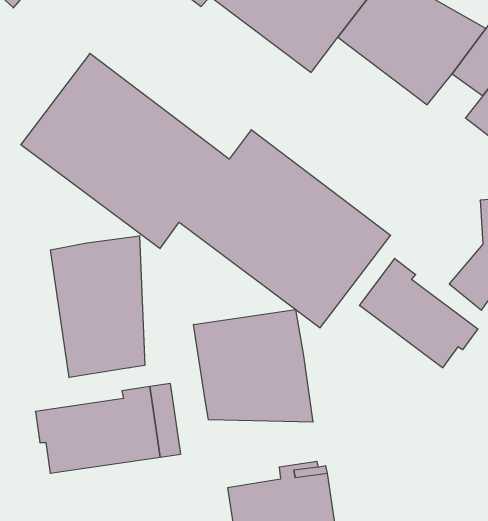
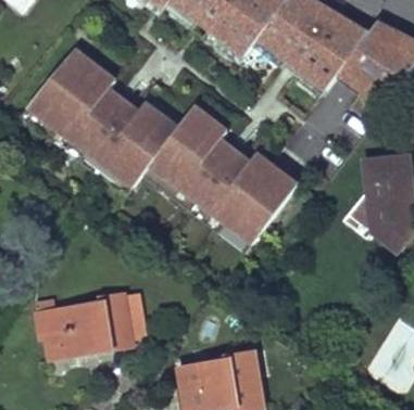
building: [50,236,145,378] -> none
building: [359,258,478,368] -> none
building: [194,309,313,422] -> none

